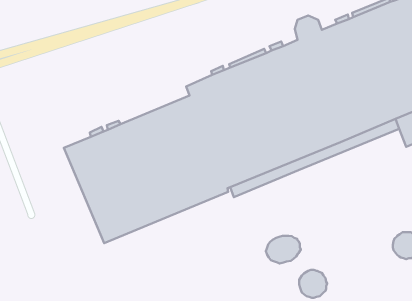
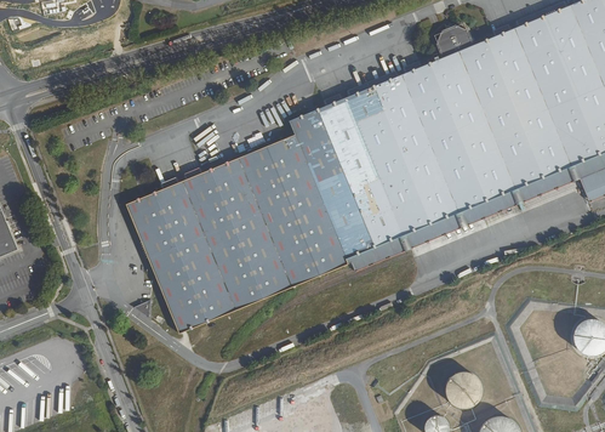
building: [266,236,301,263] -> none

